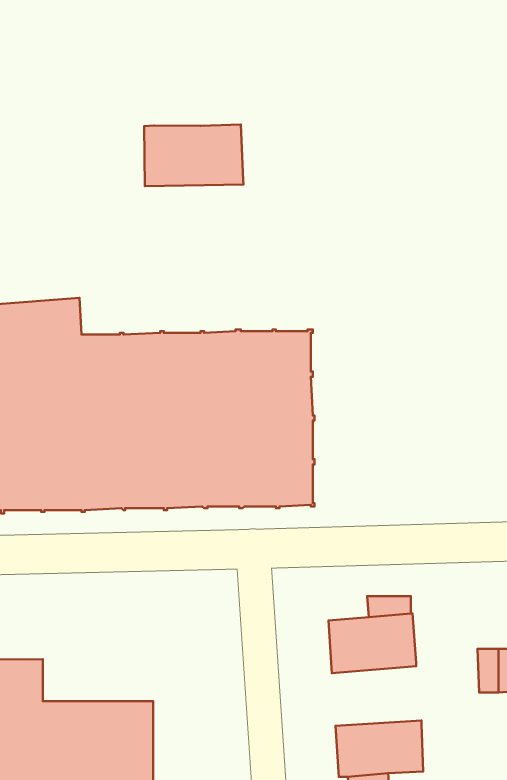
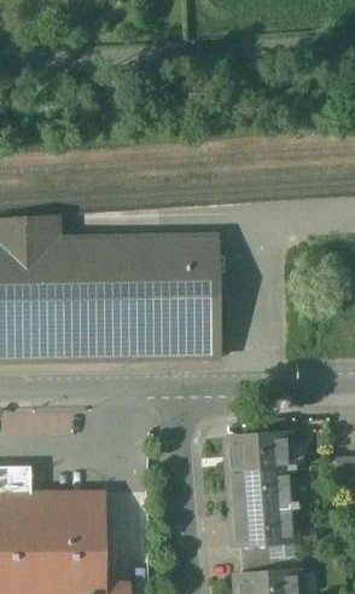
building: [144,125,243,186] -> none
building: none -> [231,469,292,511]

